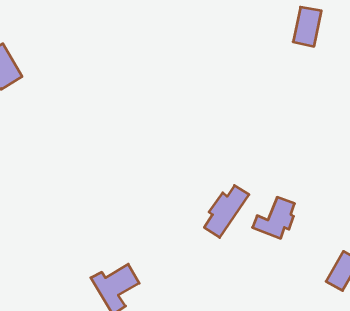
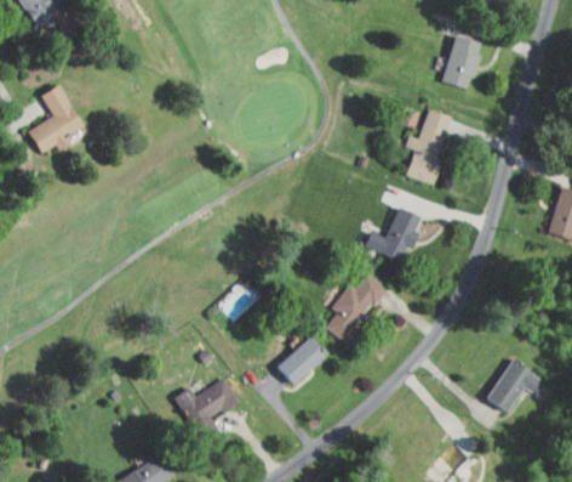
building: none -> [406,109,452,183]
building: [252,197,295,238] -> [365,208,421,262]
building: none -> [276,338,326,386]

